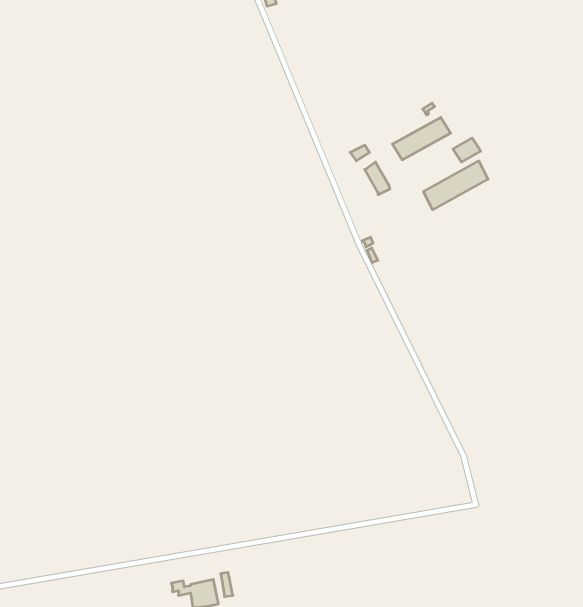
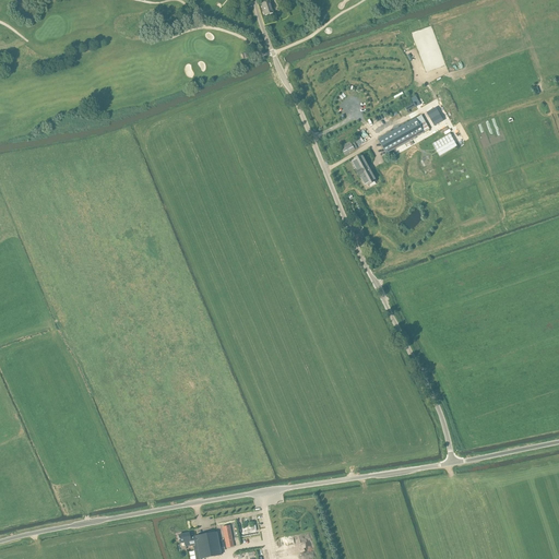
building: [424,161,488,210] -> none

